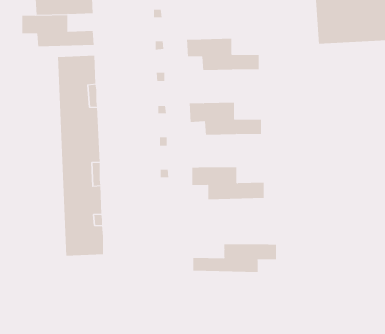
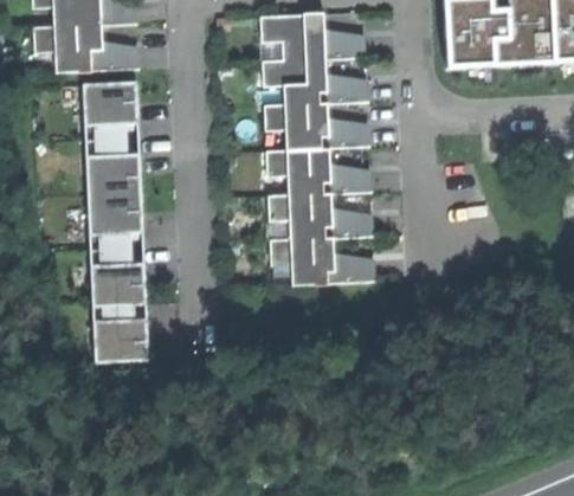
building: none -> [262,14,362,59]
building: none -> [265,102,366,148]
building: none -> [267,192,370,237]
building: [193,244,277,273] -> none

